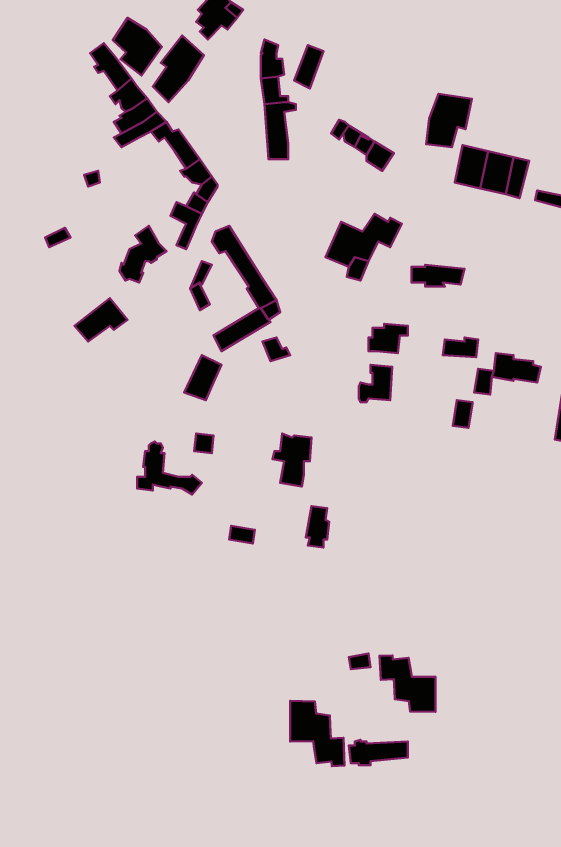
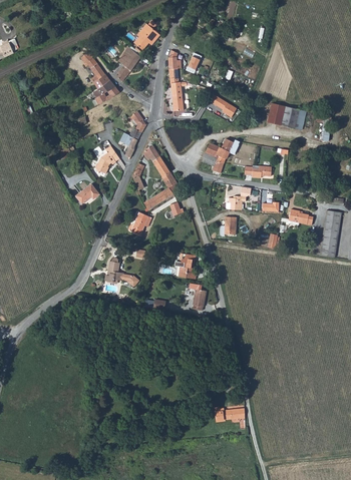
building: [113,18,162,76] -> none
building: [426,94,472,147] -> none
building: [380,655,435,712] -> none
building: [290,701,344,766] -> none

